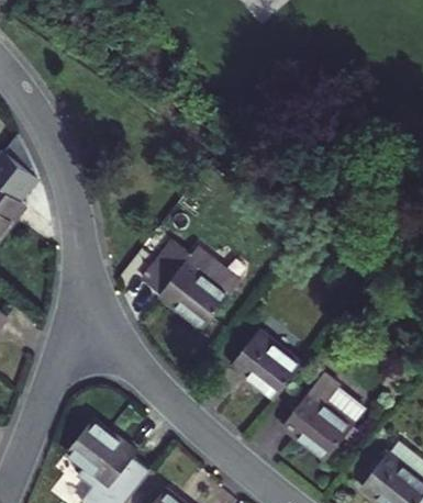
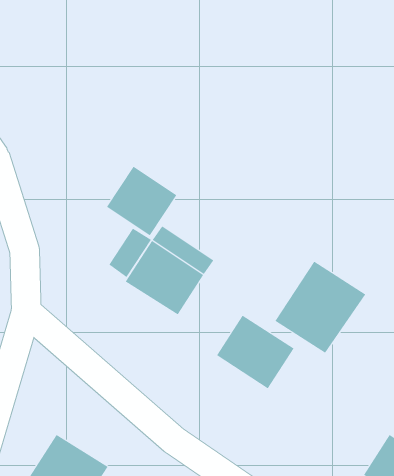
building: none -> [106,166,177,236]
building: [283,369,367,452] -> [275,261,366,354]

